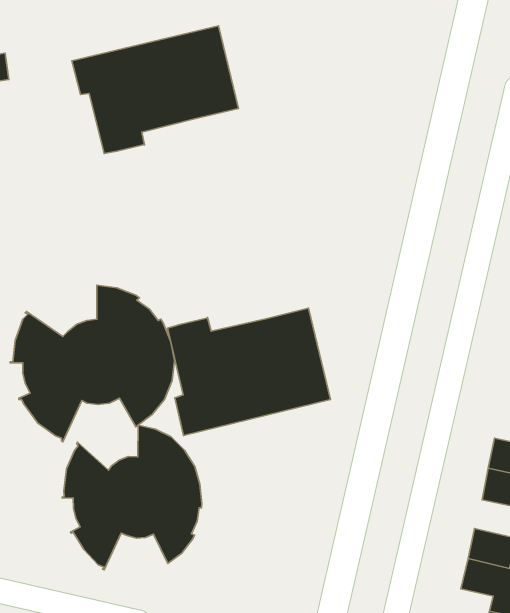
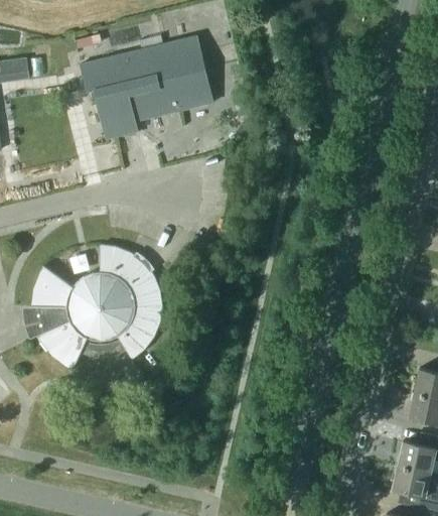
building: [168,308,330,436] -> none
building: [62,425,202,570] -> none

